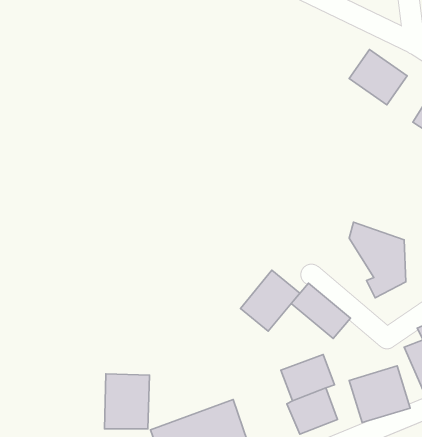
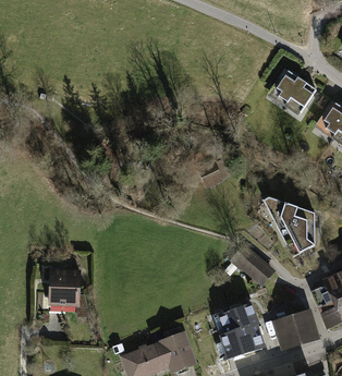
building: [240,270,300,331] -> none
building: [104,374,149,429] -> [49,268,83,310]

